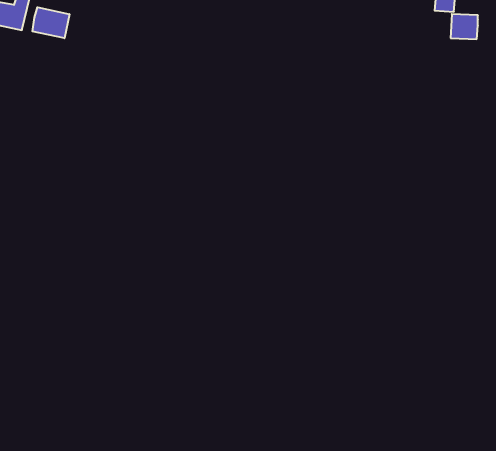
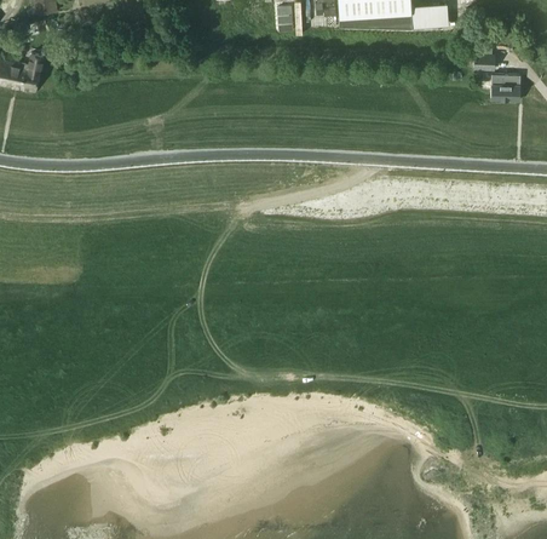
building: [32,7,69,38] -> none

